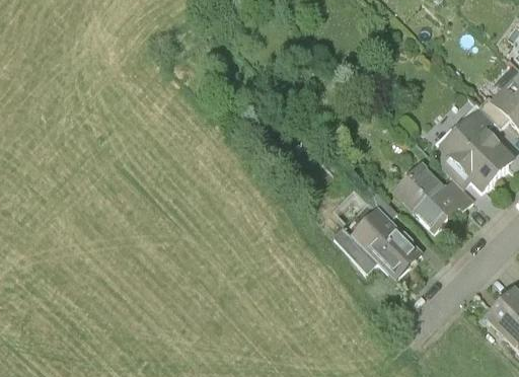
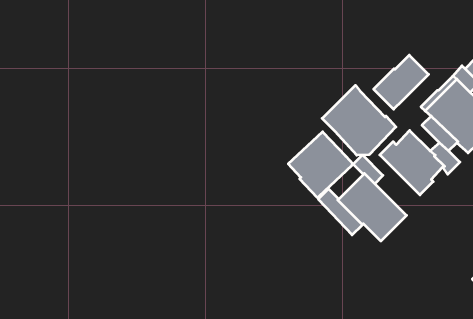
building: none -> [374,55,429,109]
building: none -> [322,85,396,155]
building: none -> [288,132,353,198]

